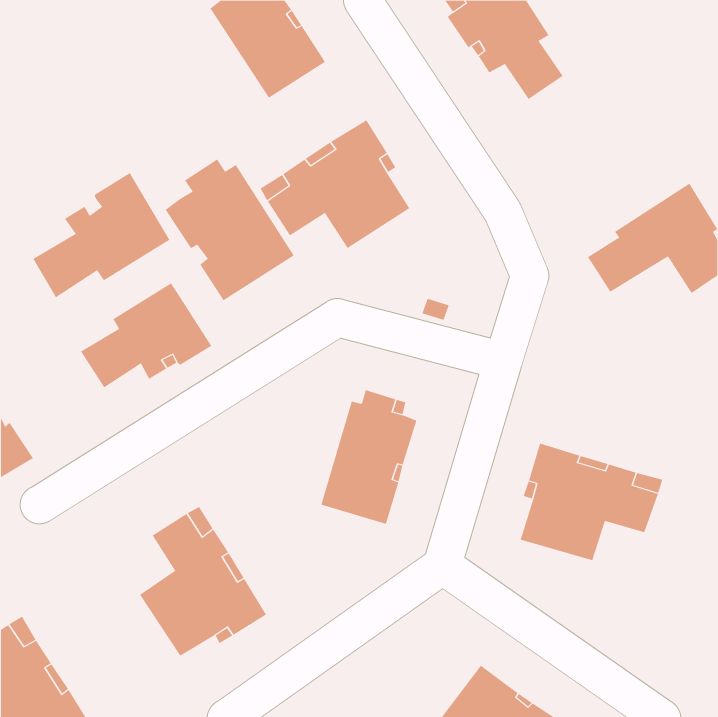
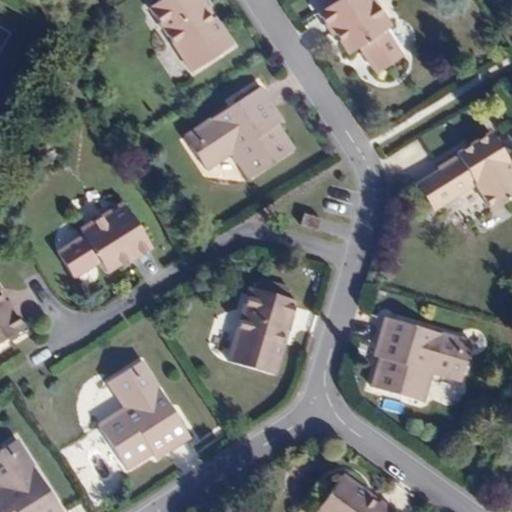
building: [165,158,294,301] -> none
building: [33,172,170,298] -> none

